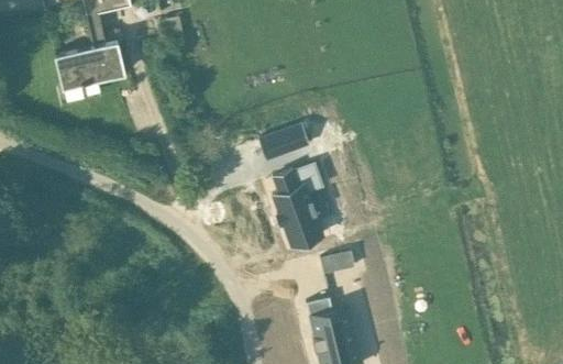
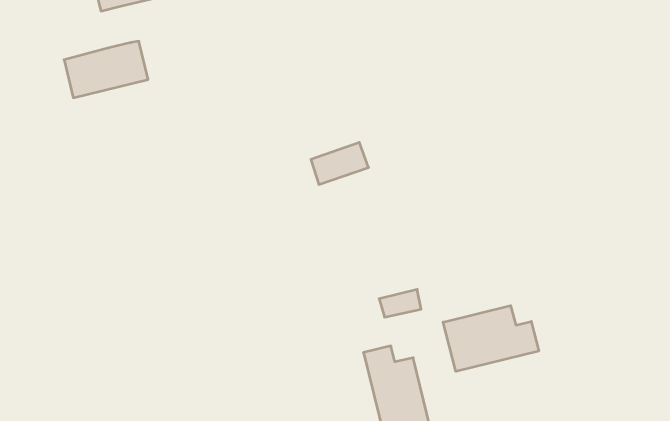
building: [271,164,323,247] -> none
building: none -> [443,306,539,371]

